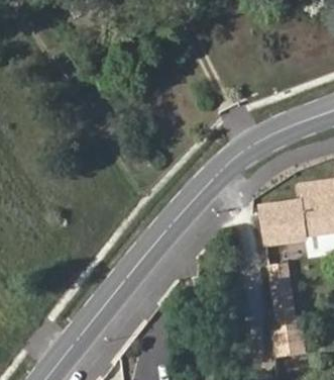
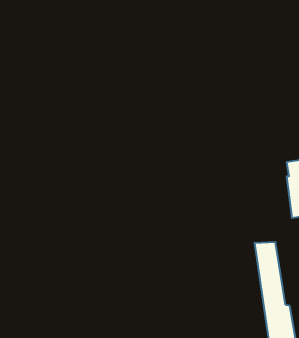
building: [260,201,305,248] -> none

